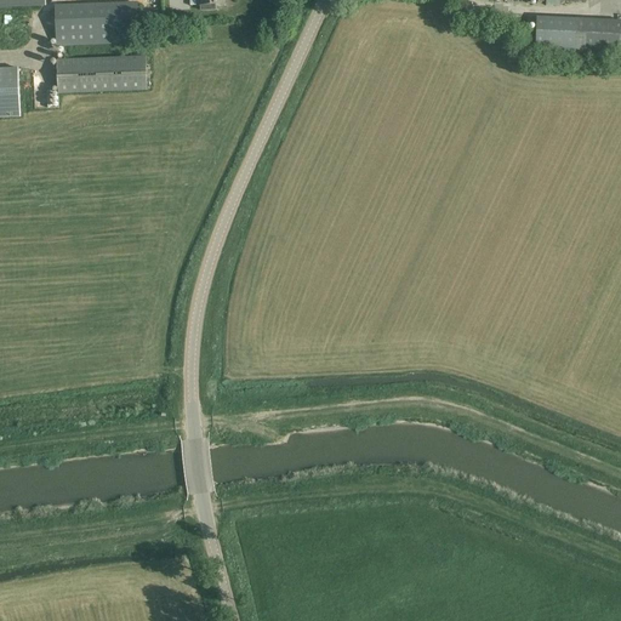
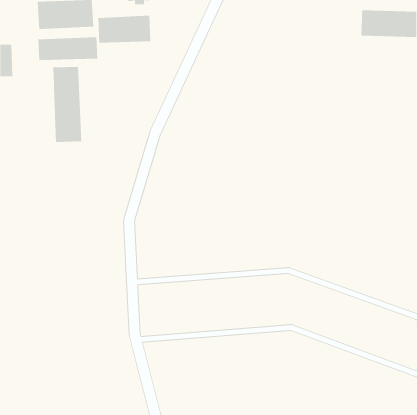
building: none -> [98,15,151,43]
building: none -> [53,66,82,143]

